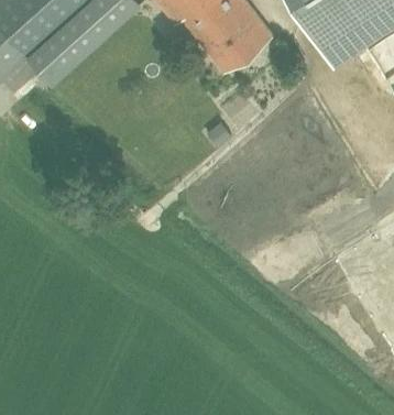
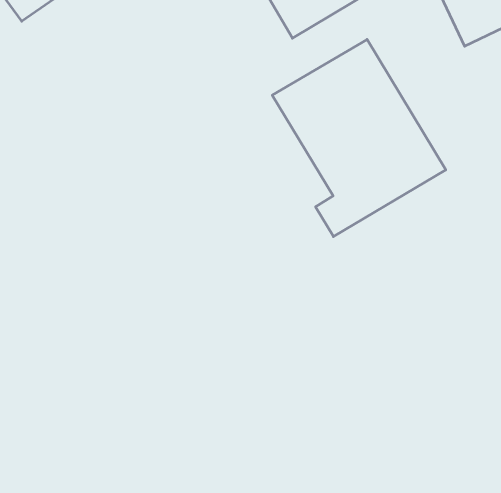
building: none -> [272,39,446,237]

